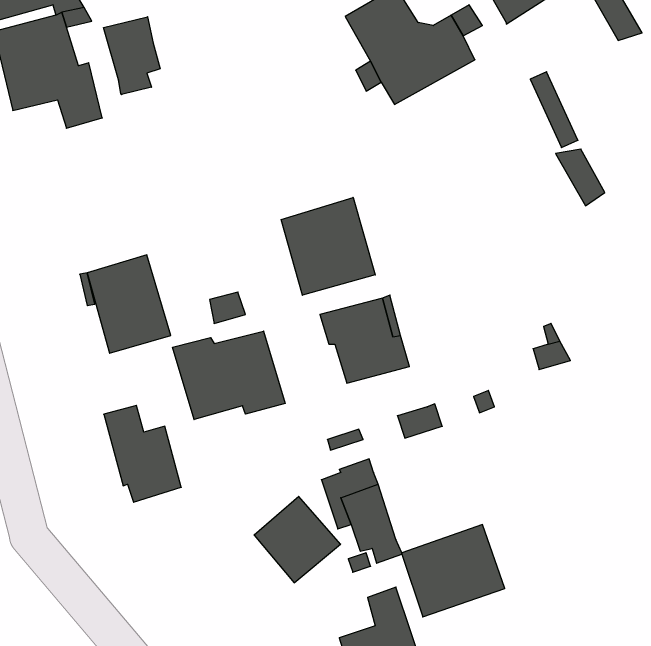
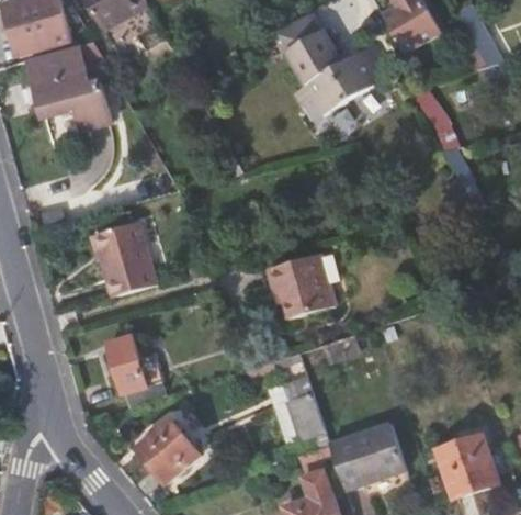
building: [104,17,160,95] -> none
building: [281,197,375,295] -> none
building: [173,331,285,420] -> none
building: [254,496,341,583] -> [136,419,200,483]
building: none -> [434,437,496,500]

